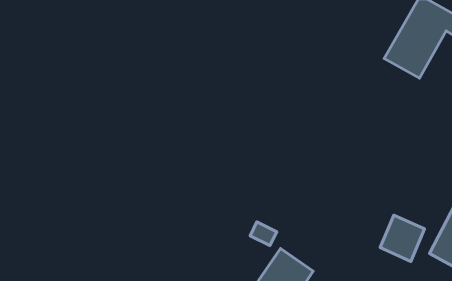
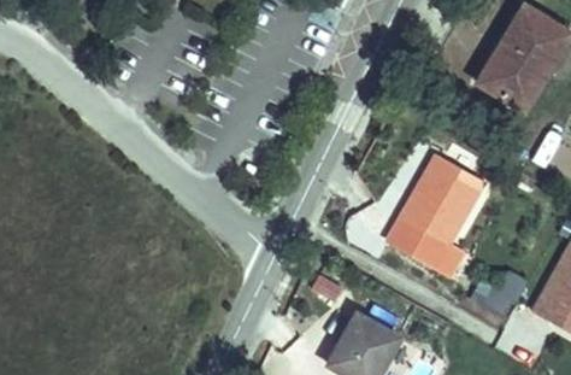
building: none -> [393,157,488,268]

